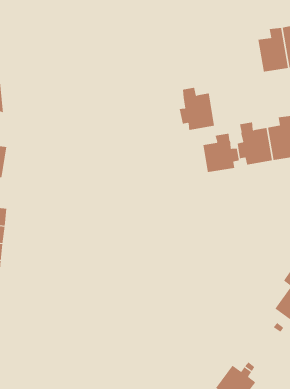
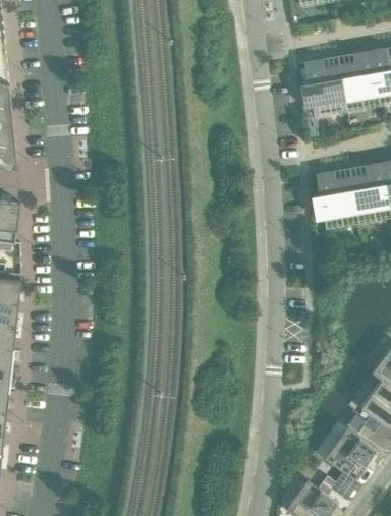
building: [179,87,215,130] -> [299,59,345,114]
building: [203,133,240,173] -> none
building: none -> [323,427,375,479]

